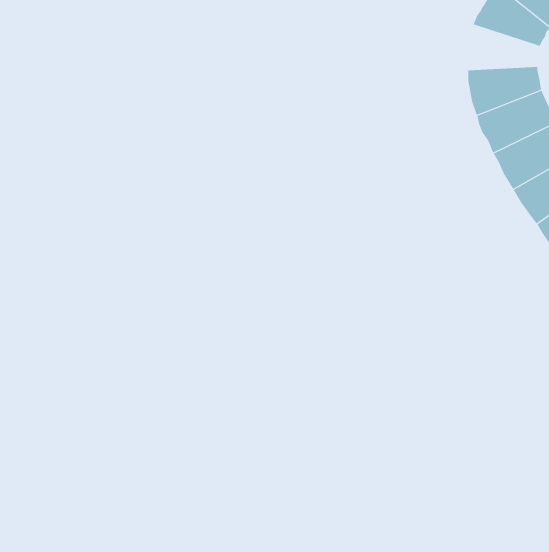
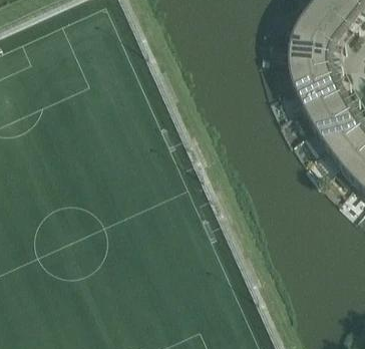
building: none -> [291,34,331,59]

